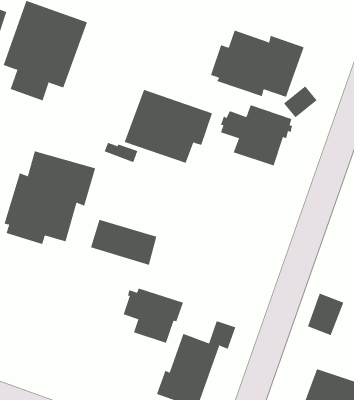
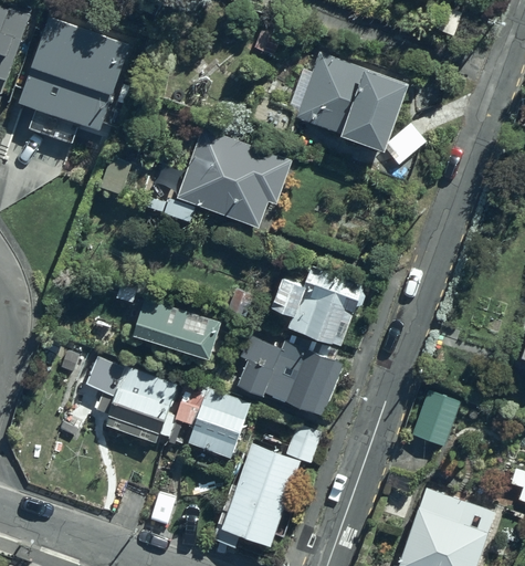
building: [220,104,293,166] -> [271,268,365,347]
building: [4,151,96,245] -> none
building: none -> [237,344,342,421]
building: none -> [85,360,177,442]

